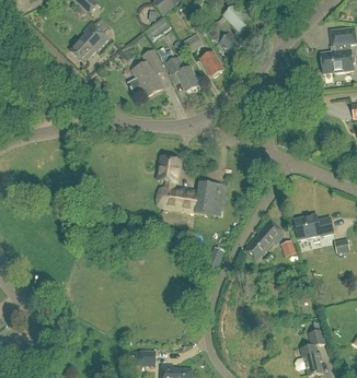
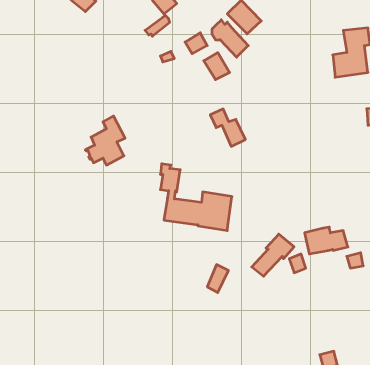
building: [69,22,108,61] -> none
building: [126,50,163,96] -> [85,116,125,165]
building: [165,57,198,92] -> [210,109,245,146]

